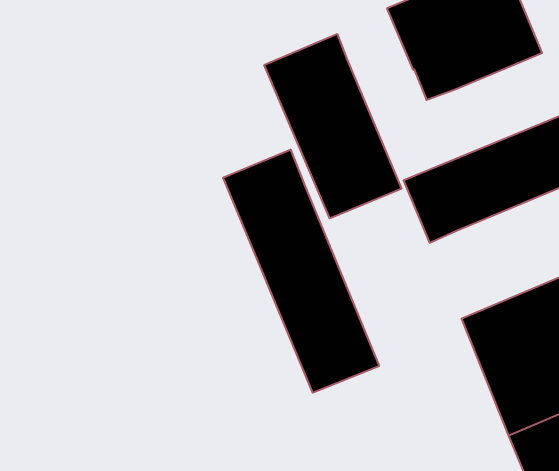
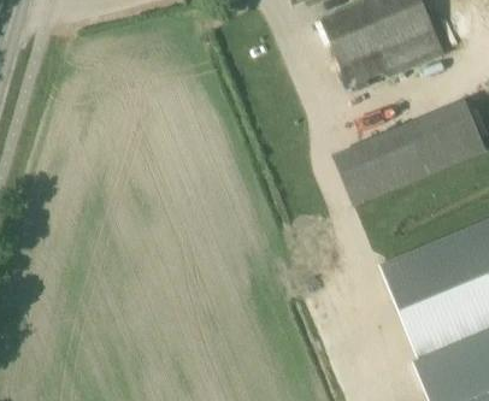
building: [264,34,401,218] -> none
building: [223,150,379,393] -> none

